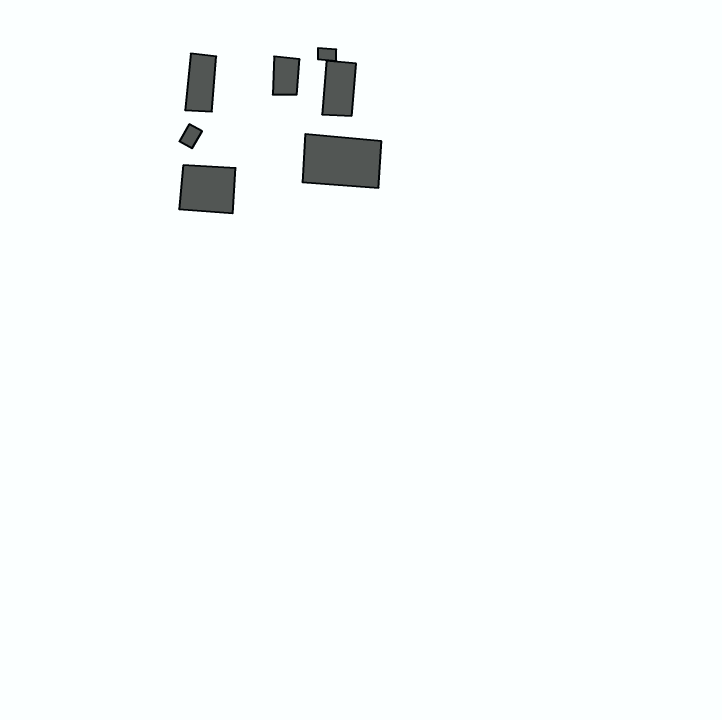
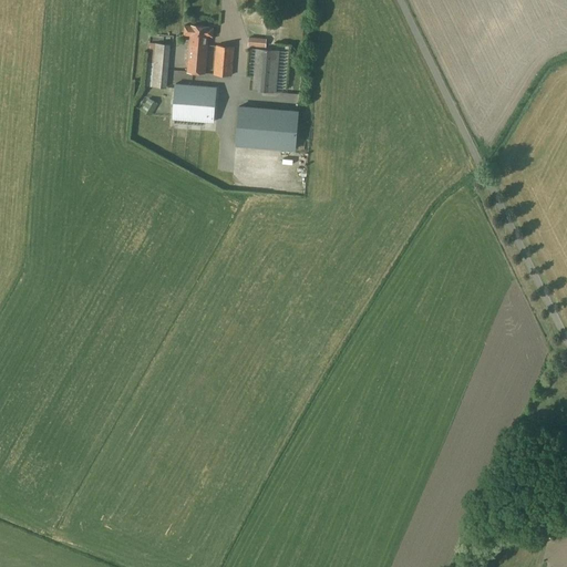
building: none -> [184,27,214,74]
building: [179,165,236,213] -> [172,85,216,123]

